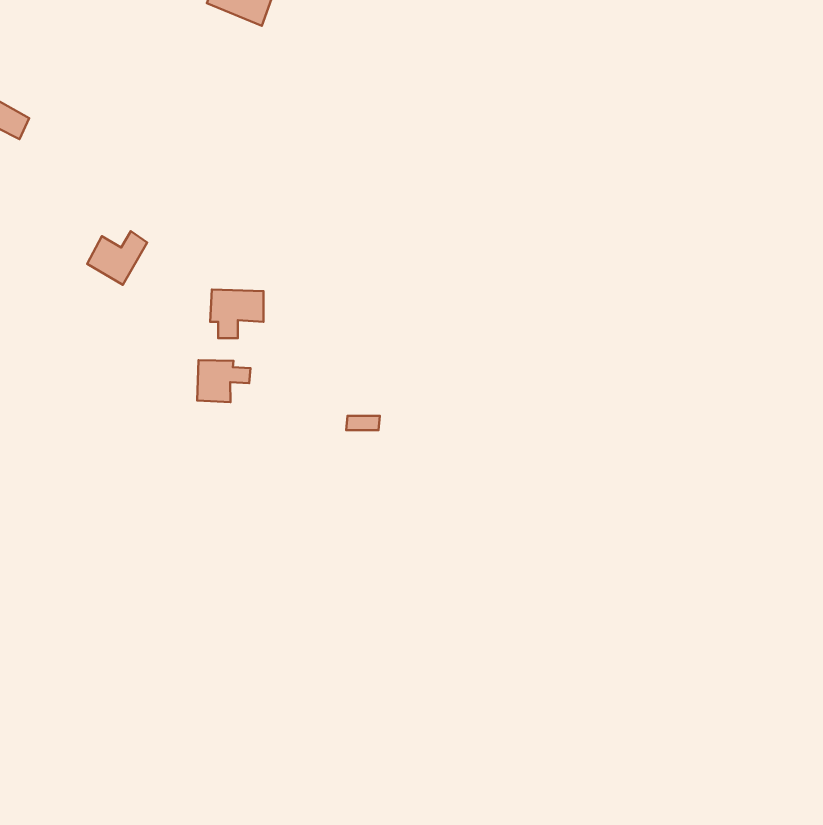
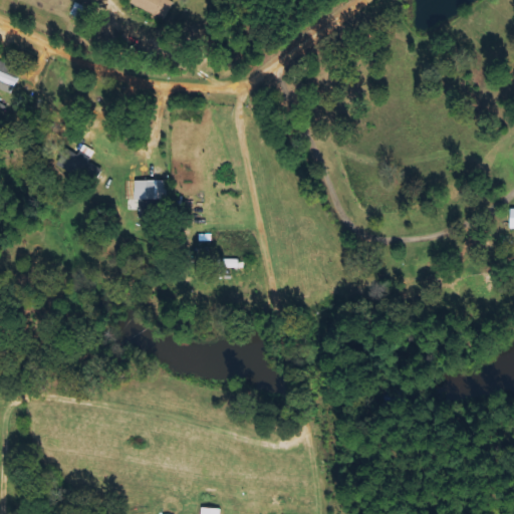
building: [197,360,250,402] -> none

